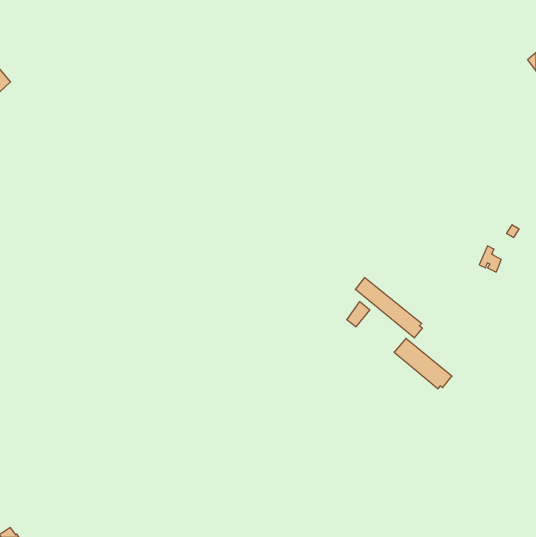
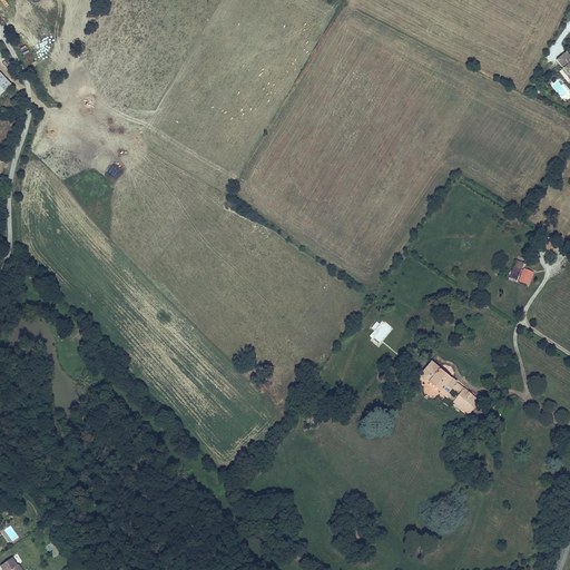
building: [355,278,422,338] -> none

